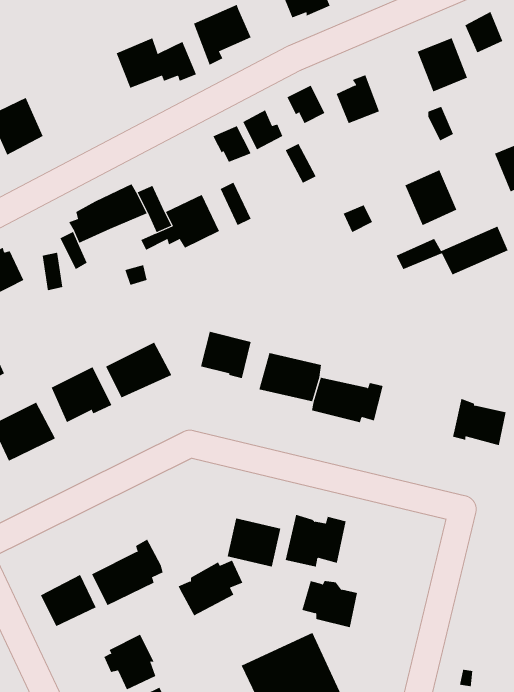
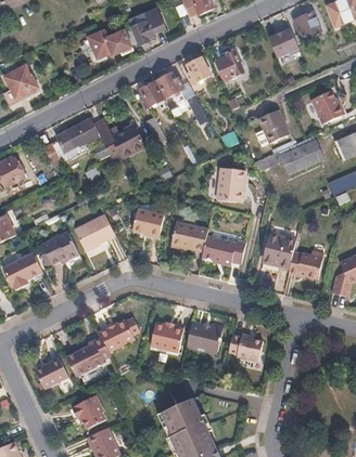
building: none -> [217,167,245,201]
building: none -> [260,225,296,269]
building: [178,560,243,616] -> [99,317,139,352]
building: [301,580,358,628] -> [227,334,262,363]

